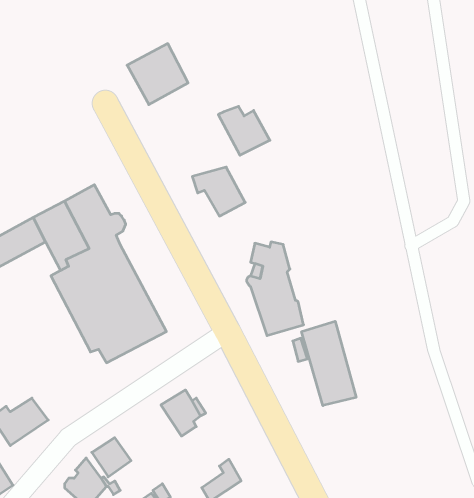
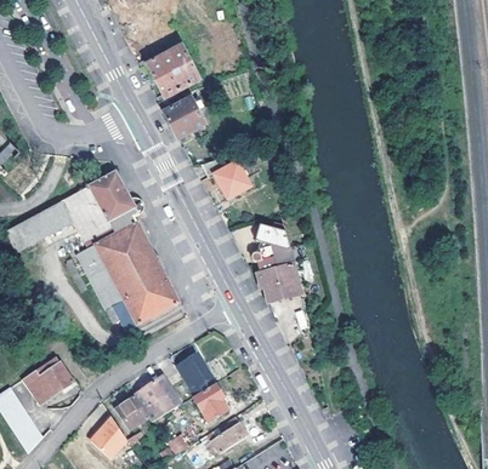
building: [218,106,270,155] -> [160,95,206,138]
building: [302,321,356,406] -> none
building: none -> [134,377,181,424]
building: none -> [194,384,228,423]

